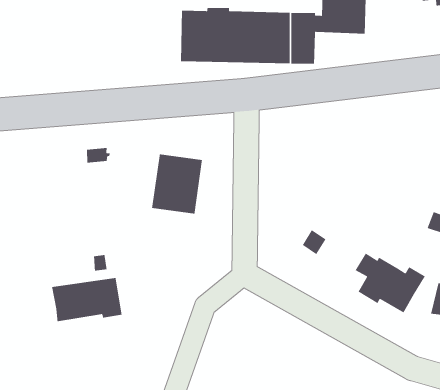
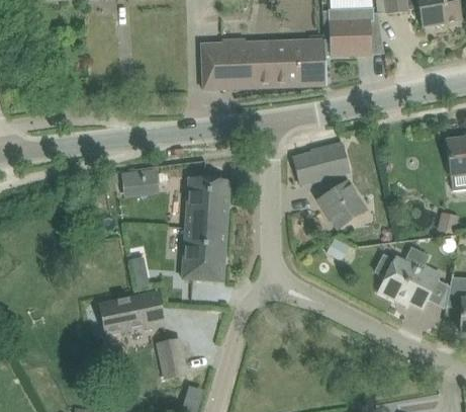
building: none -> [293,143,367,229]
building: none -> [183,226,226,279]
building: none -> [158,339,187,379]

